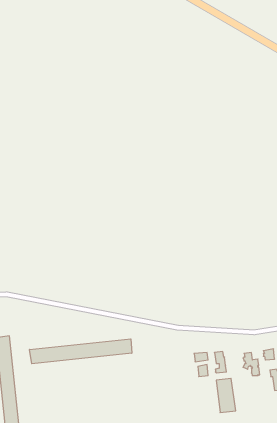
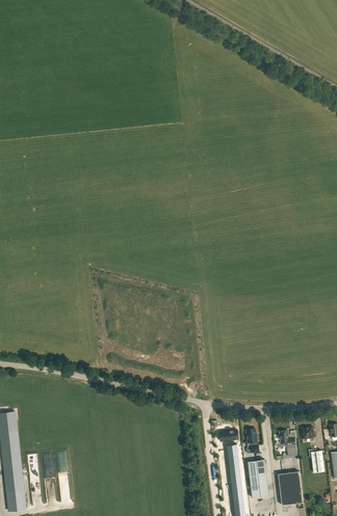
building: [30,339,132,364] -> none
building: none -> [278,471,303,505]

